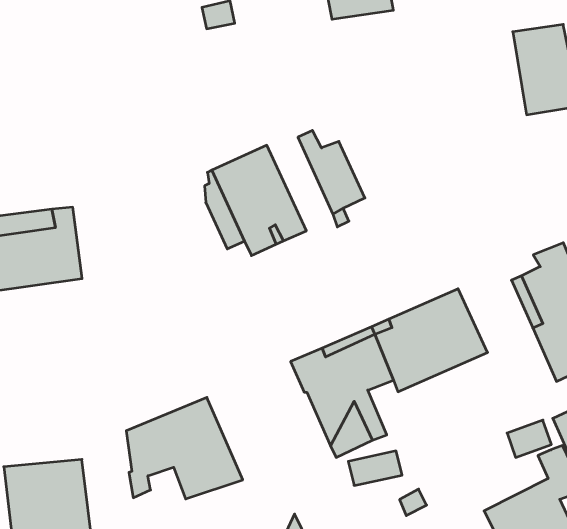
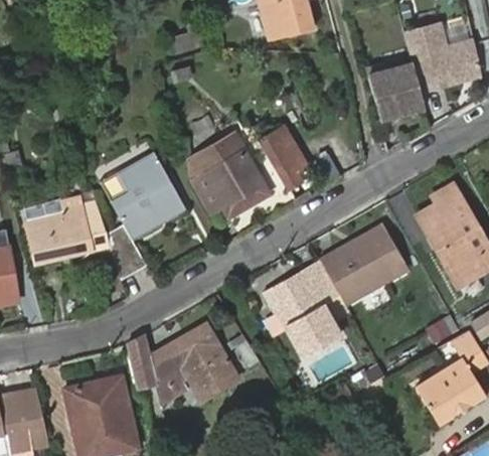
building: none -> [365,63,423,120]
building: none -> [107,152,185,280]
building: none -> [127,334,157,389]

